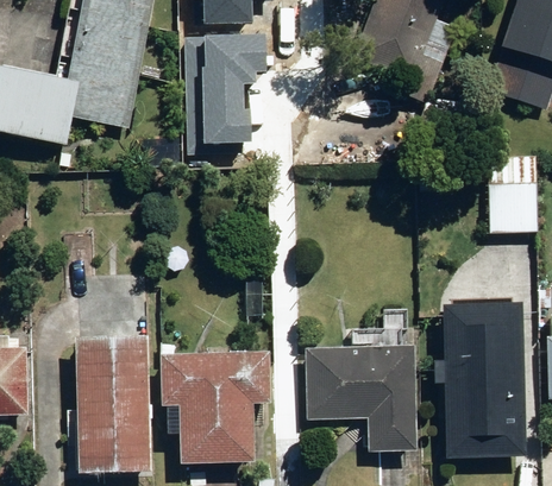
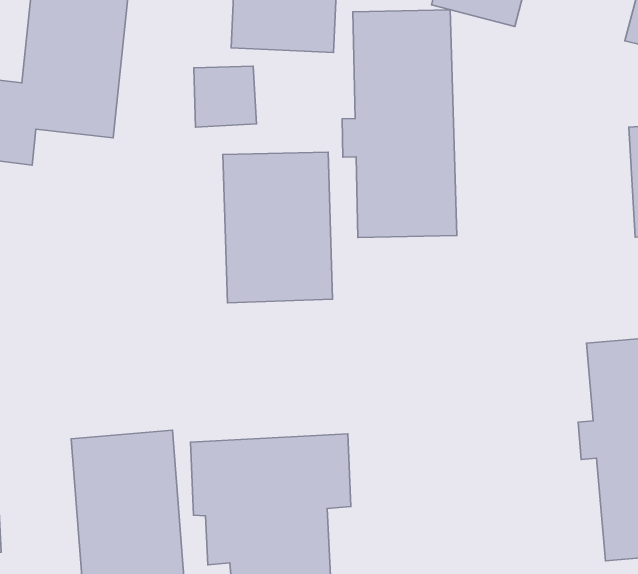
building: none -> [342,10,457,237]
building: none -> [223,152,332,303]
building: [307,342,415,450] -> none

